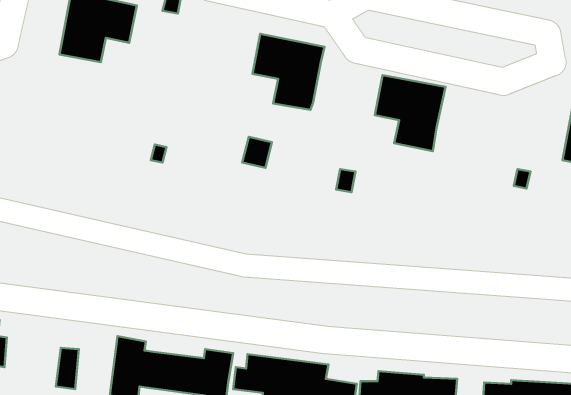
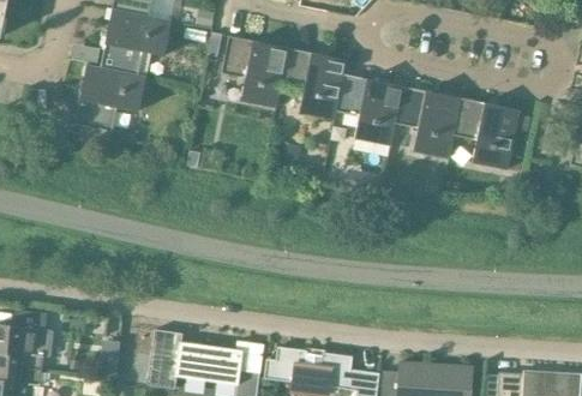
building: none -> [222,35,288,106]
building: none -> [74,62,146,130]
building: none -> [337,73,402,145]
building: none -> [452,96,521,168]

